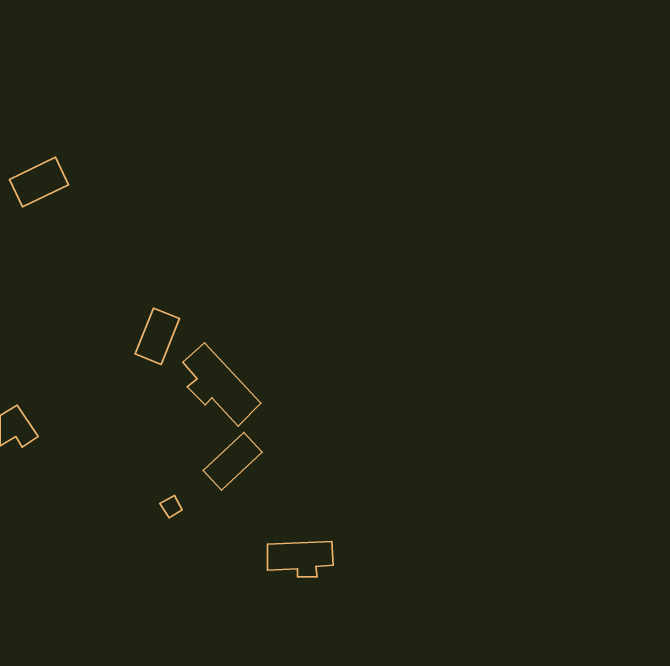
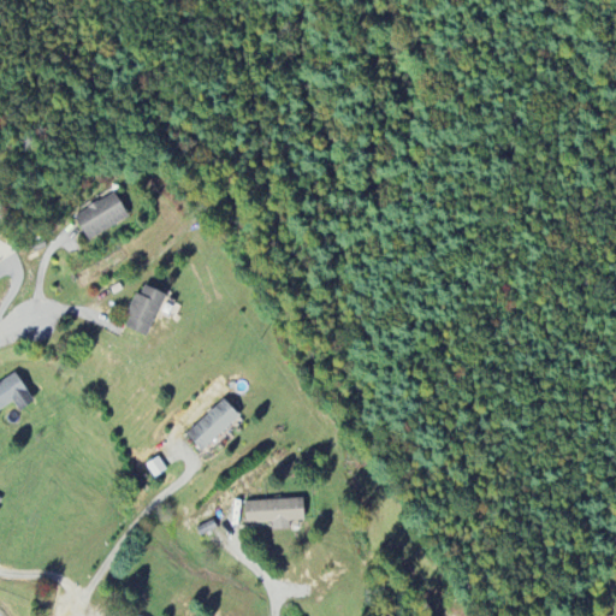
building: [10,157,69,207] -> [75,191,129,237]
building: [183,343,261,426] -> none

